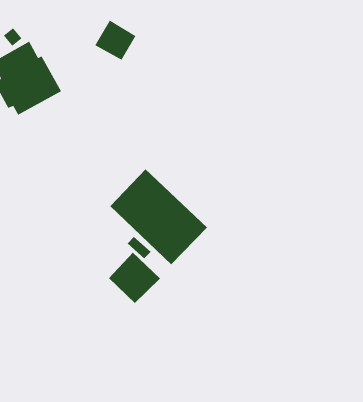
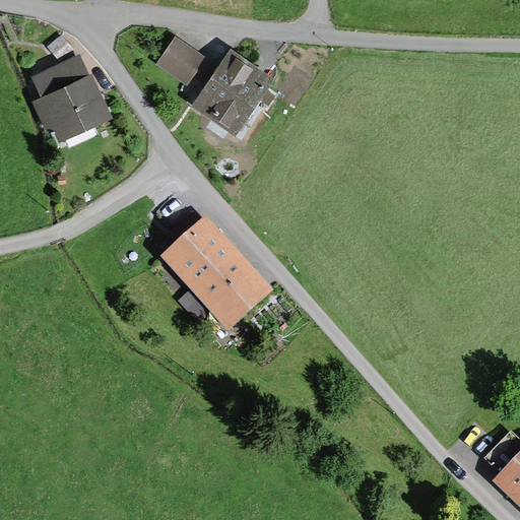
building: none -> [191,47,274,134]
building: [108,252,161,304] -> none

